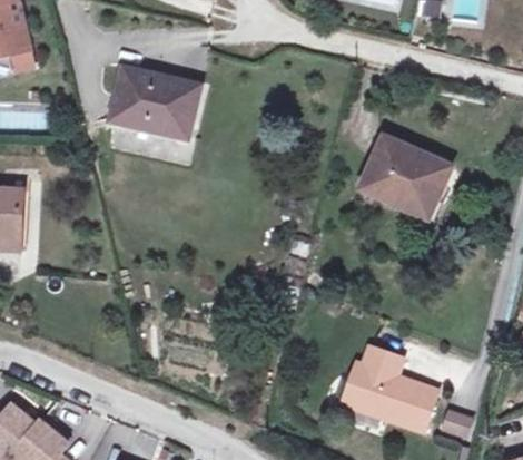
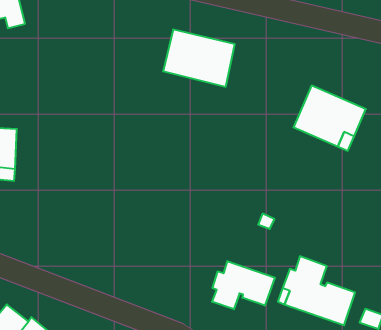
building: [112,66,200,136] -> [163,29,235,87]
building: none -> [212,261,275,309]

